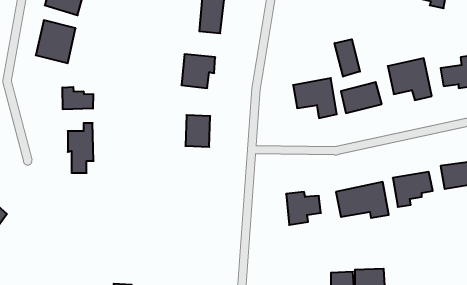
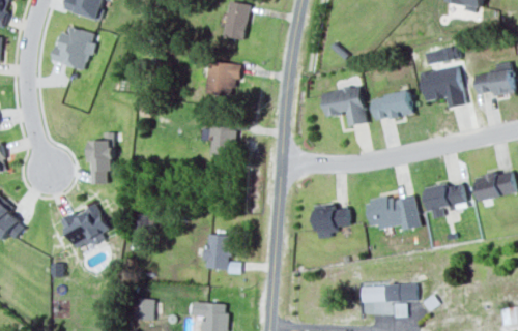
building: [335,39,360,77] -> none
building: [62,87,93,109] -> none
building: none -> [60,203,108,248]
building: none -> [204,234,227,268]

